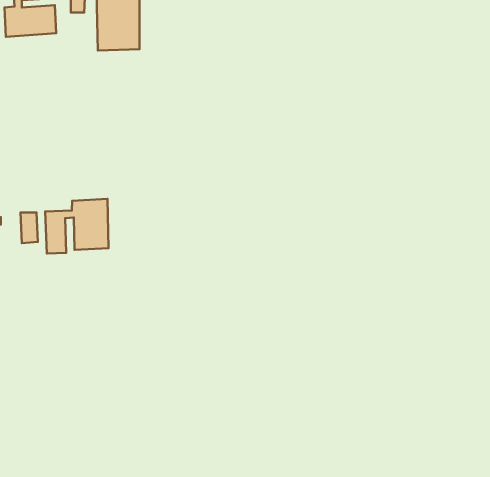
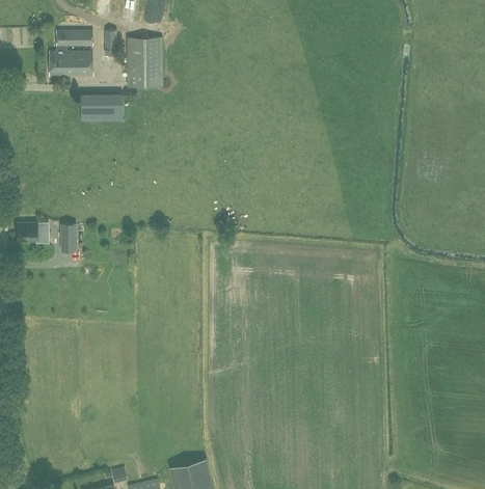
building: none -> [83,96,125,121]
building: [45,199,109,253] -> none

